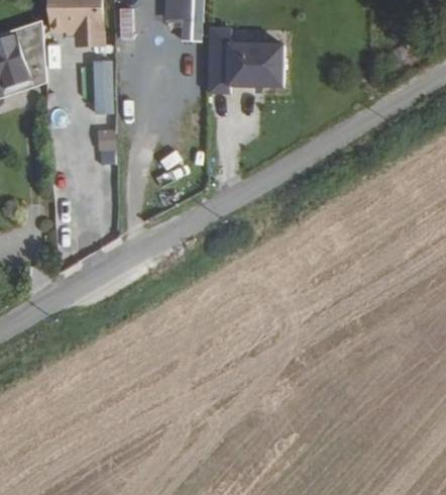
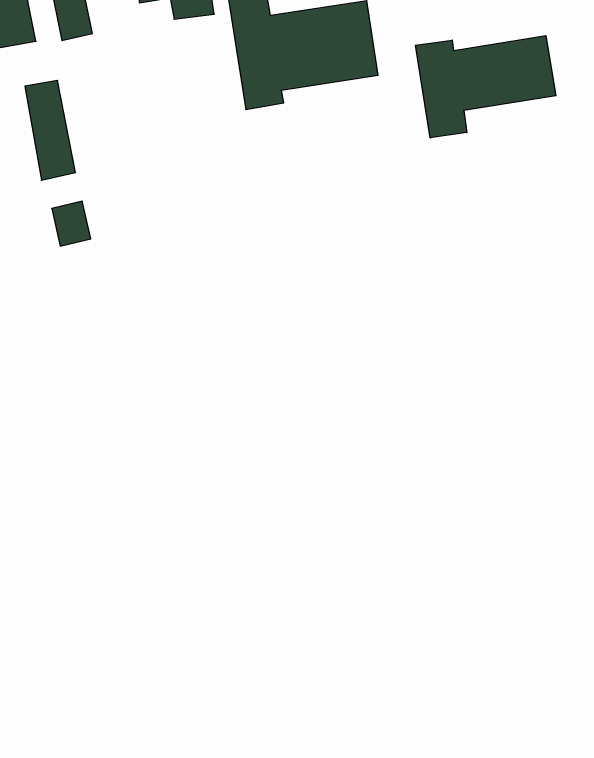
building: none -> [416,36,556,138]

